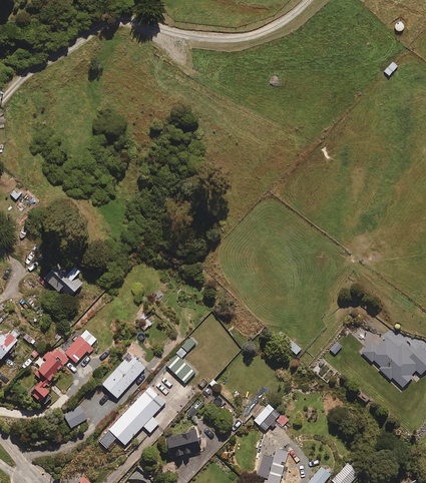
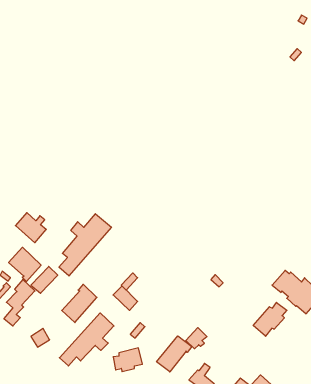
building: none -> [59,214,111,276]
building: none -> [9,247,41,281]
building: none -> [253,302,287,336]
building: none -> [157,336,192,372]

